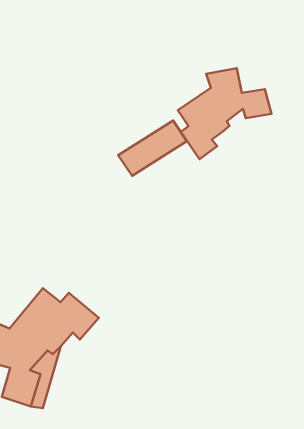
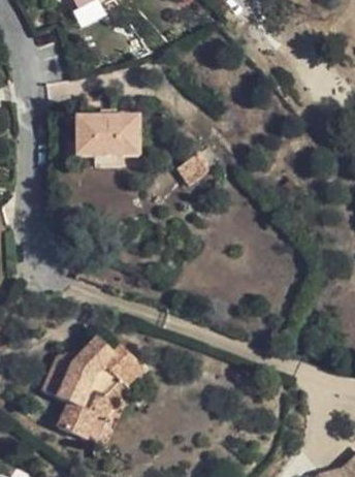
building: [178,68,271,159] -> none
building: none -> [74,114,139,157]

